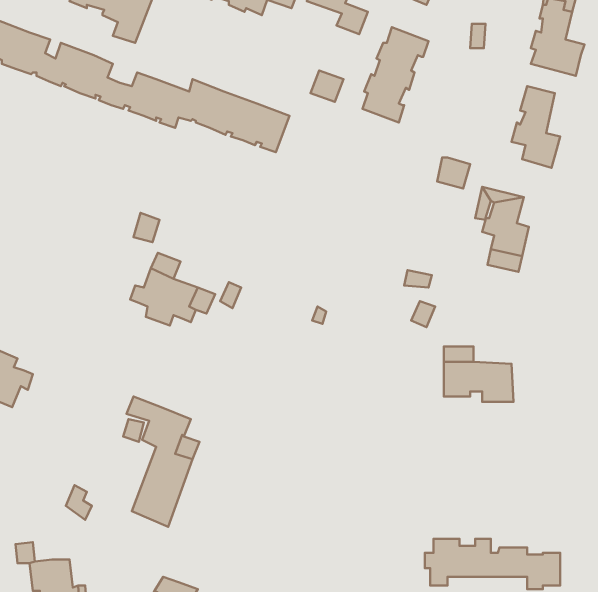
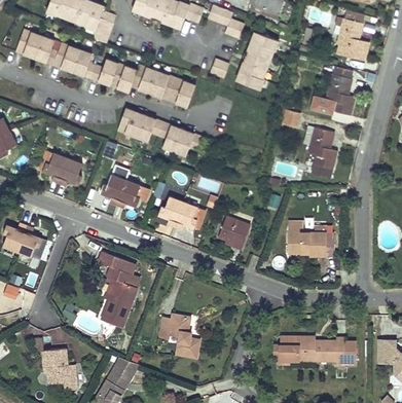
building: none -> [115,107,199,154]
building: none -> [43,153,83,186]
building: none -> [157,197,205,230]
building: none -> [219,217,252,250]
building: none -> [159,314,199,357]

